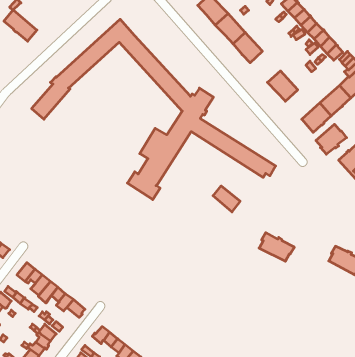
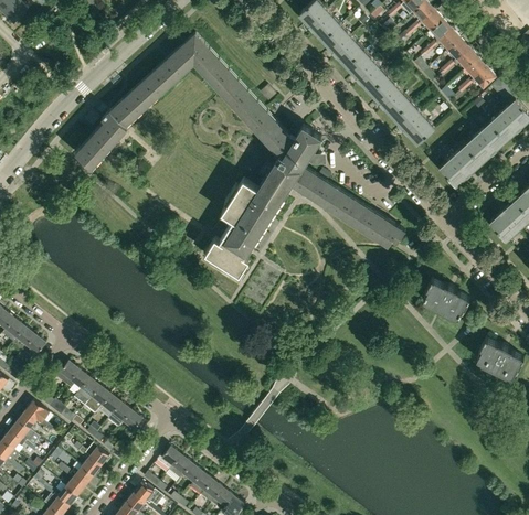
building: [4,10,37,41] -> none
building: none -> [370,76,411,118]
building: [316,124,347,154] -> none
building: [213,186,240,212] -> none
building: [259,233,294,261] -> [422,279,469,318]

